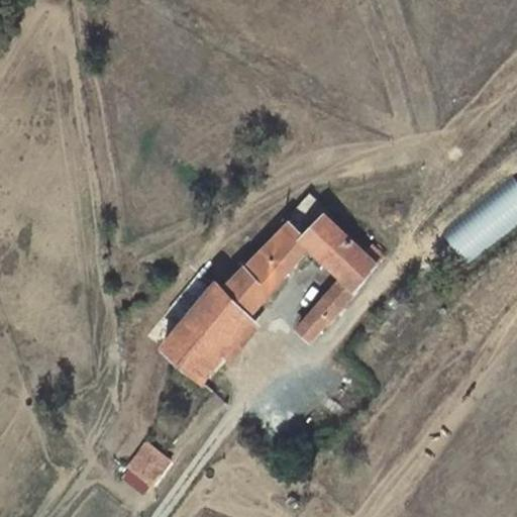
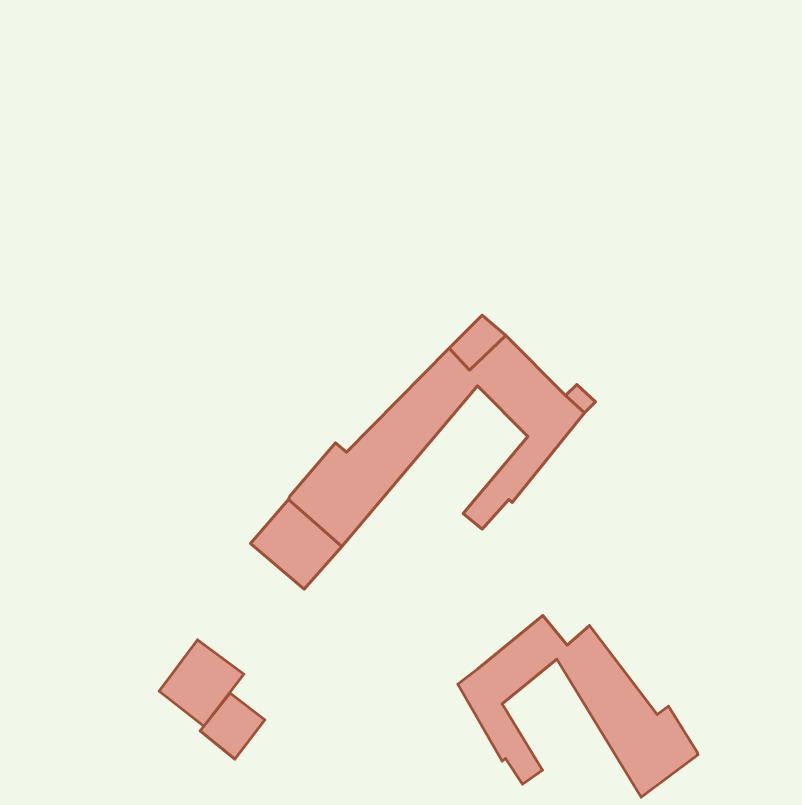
building: none -> [458,616,698,797]
building: none -> [159,640,244,726]

